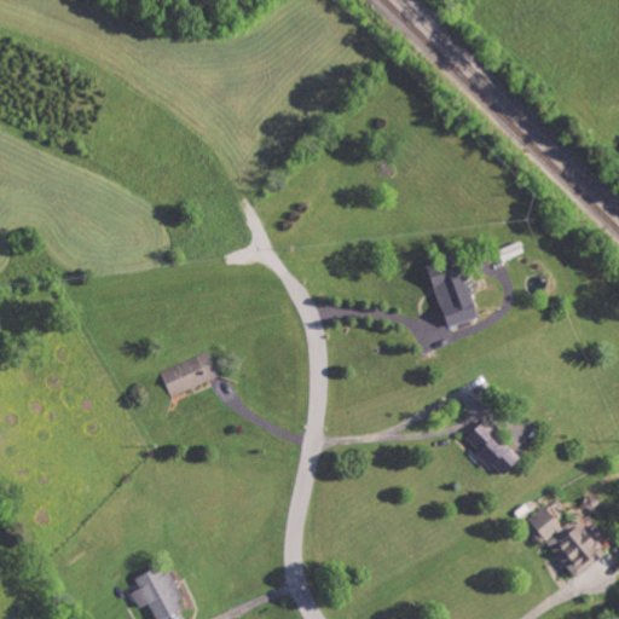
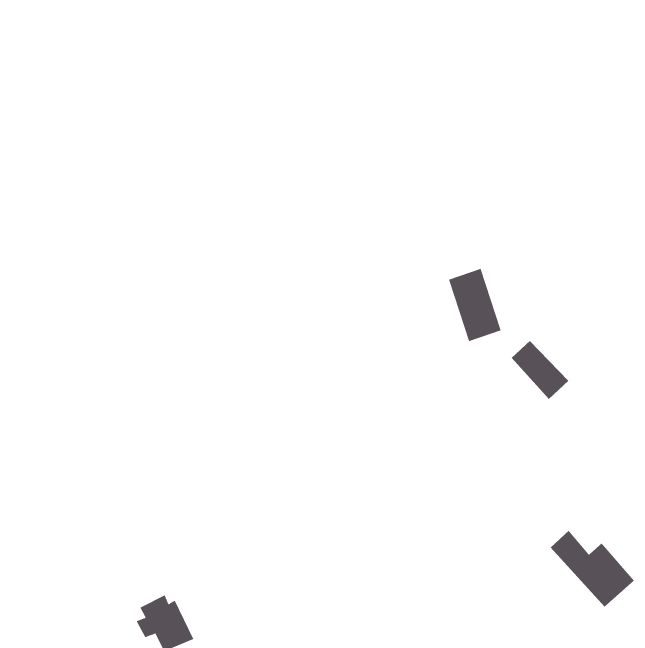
building: [157,351,216,397] -> none
building: [463,421,519,478] -> [511,340,569,400]

